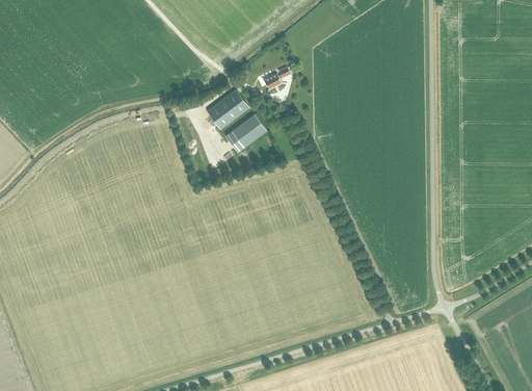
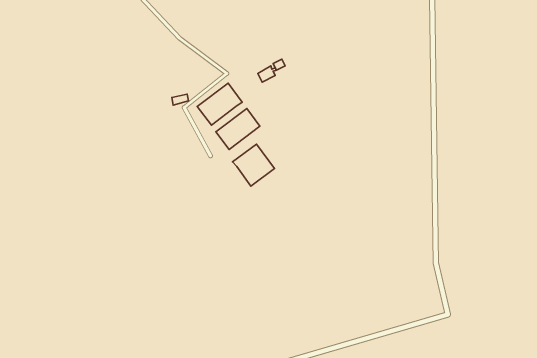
building: none -> [232,144,275,186]

